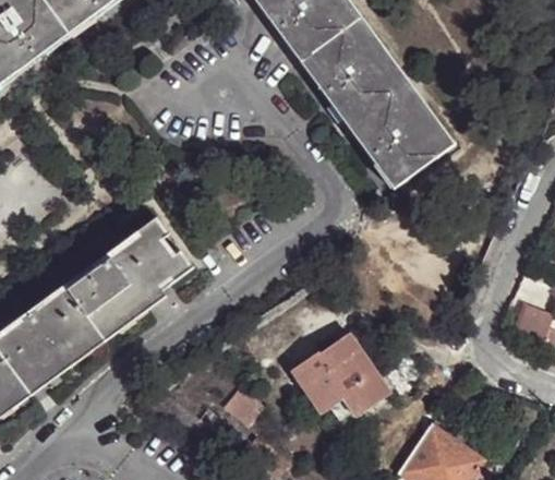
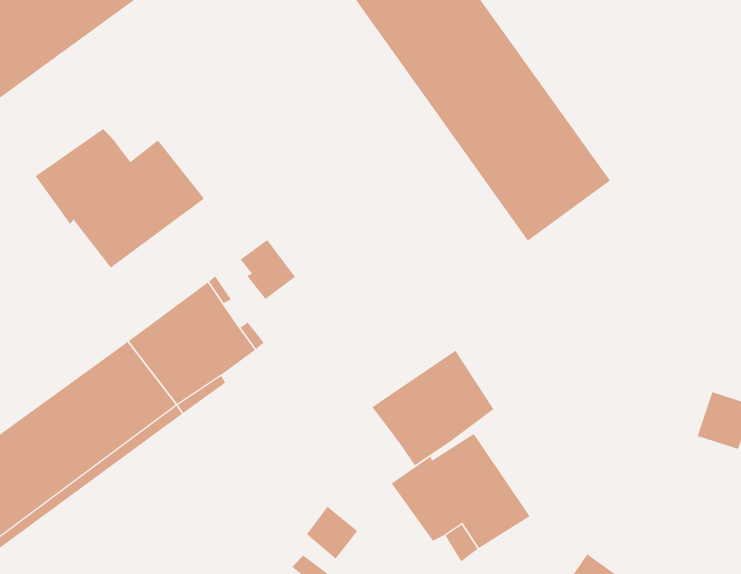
building: none -> [35,128,205,268]
building: none -> [240,239,296,300]
building: none -> [371,350,494,466]

